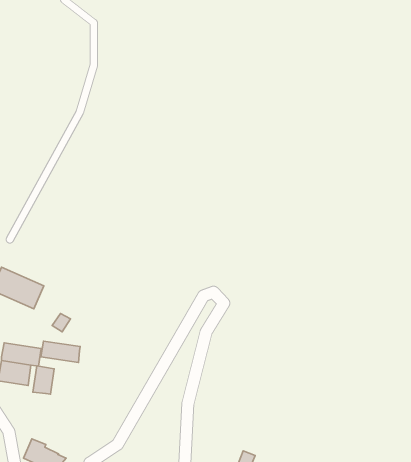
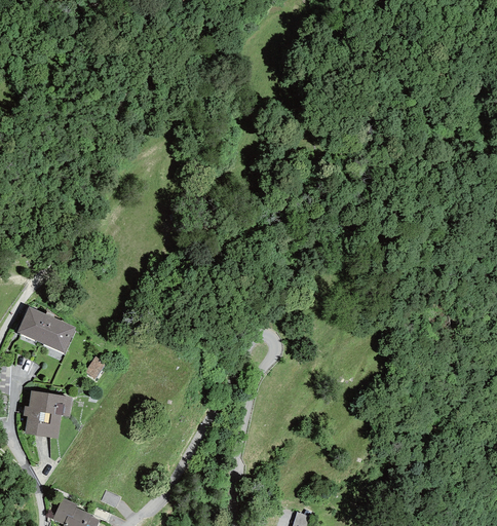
building: [41,341,80,362] -> none
building: [33,366,54,394] -> none

